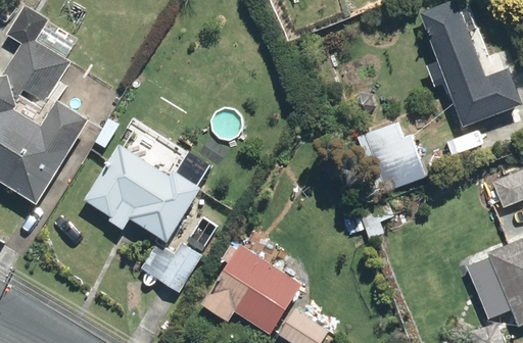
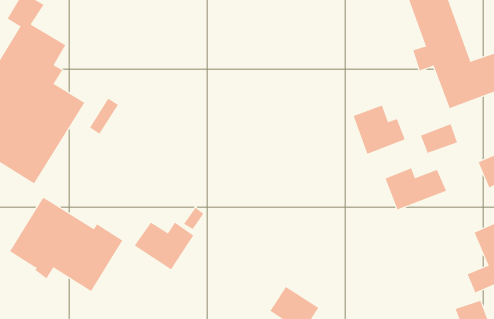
building: [83,144,200,242] -> [9,197,123,292]
building: none -> [385,167,447,210]
building: [202,245,303,335] -> none

